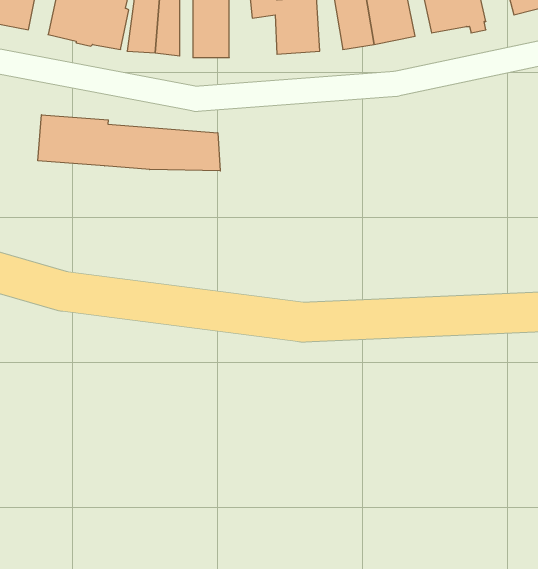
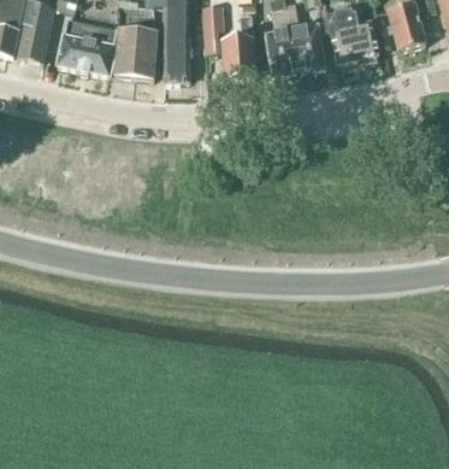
building: [38,115,220,171] -> none

